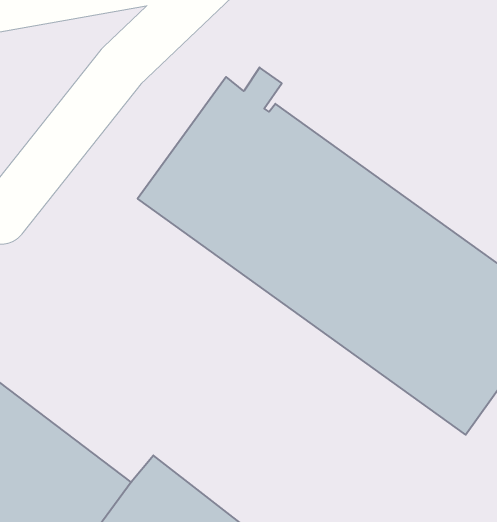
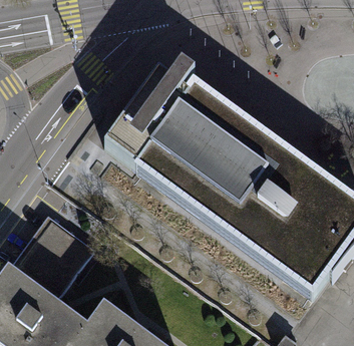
building: none -> [20,217,88,284]

